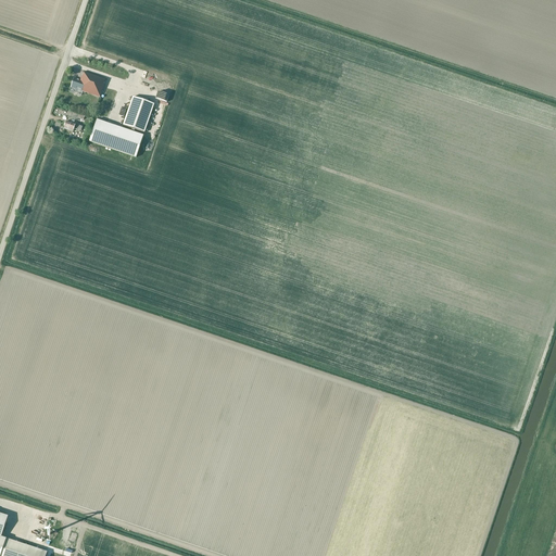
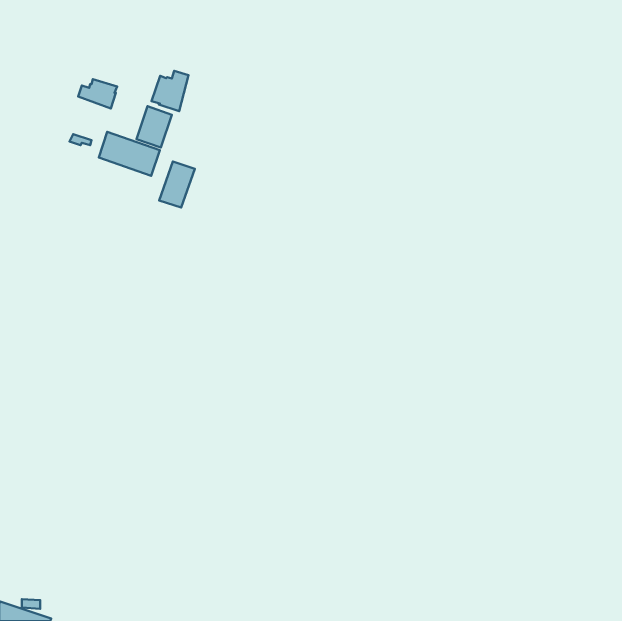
building: none -> [151,71,189,111]
building: none -> [159,162,195,208]

